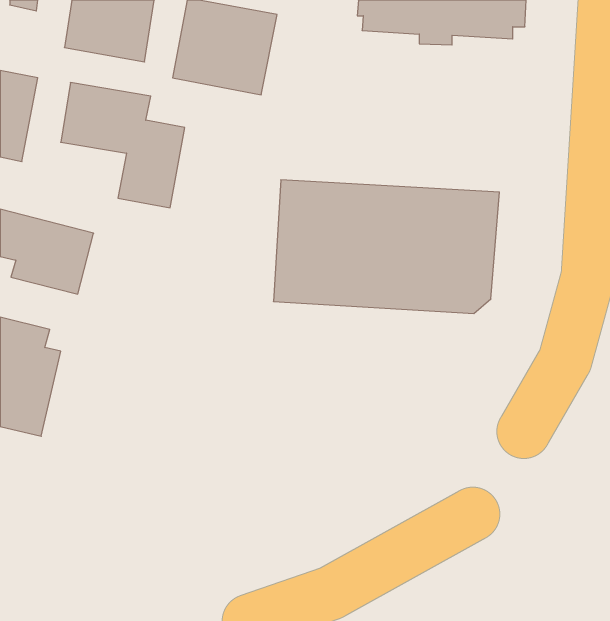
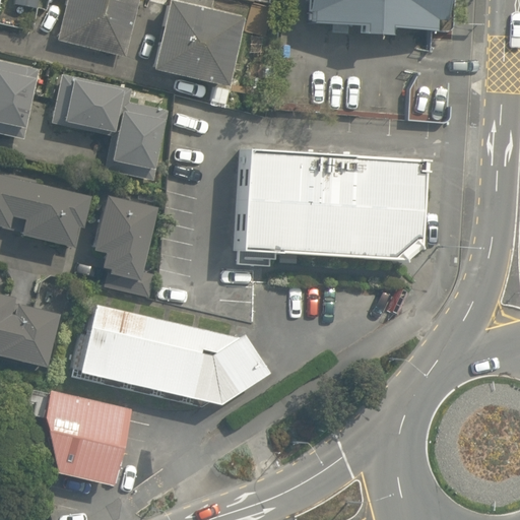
building: none -> [91,189,153,279]
building: none -> [77,306,270,406]
building: none -> [43,391,132,486]

